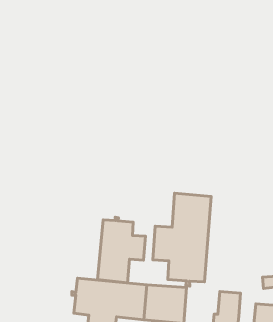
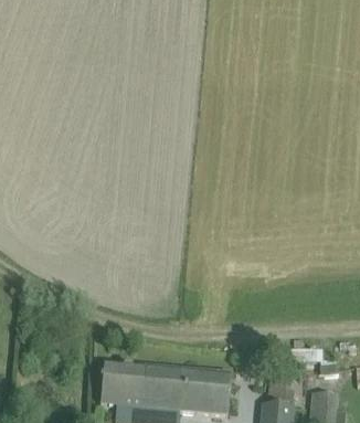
building: [153,193,211,286] -> none
building: [98,217,145,283] -> none

